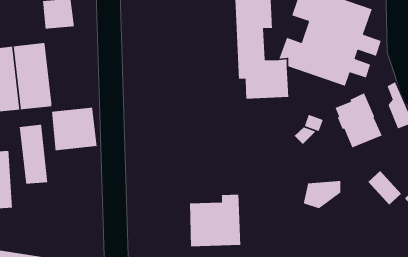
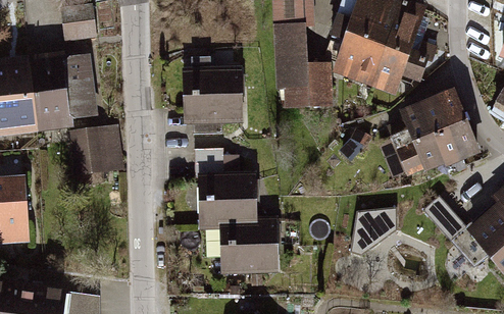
building: none -> [183,63,243,141]
building: none -> [420,98,457,156]
building: [19,124,48,185] -> [62,51,95,119]
building: none -> [194,153,259,232]

